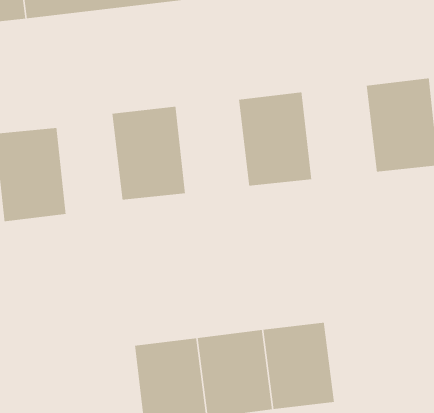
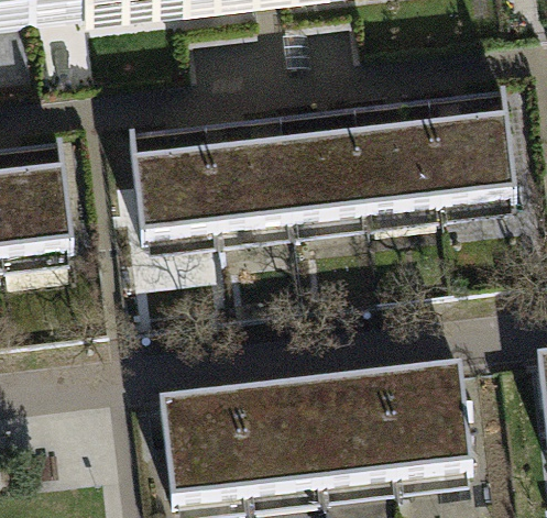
building: none -> [354,102,441,213]
building: none -> [207,119,292,230]
building: none -> [381,370,468,474]

